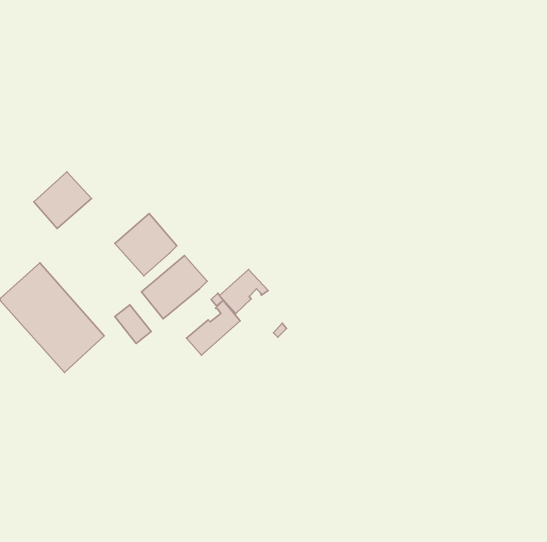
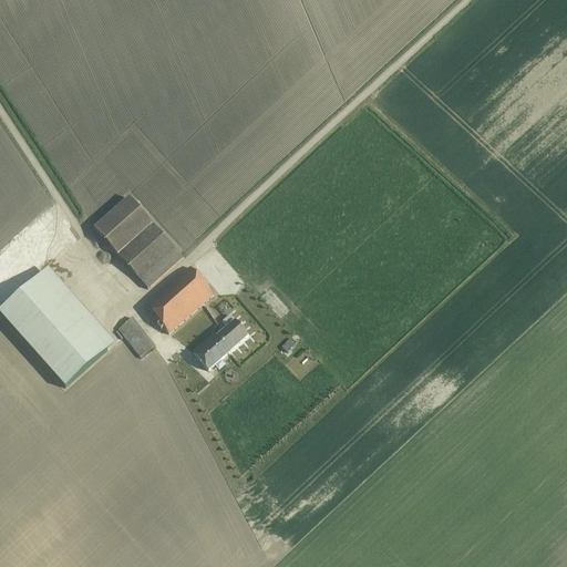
building: [34,172,92,229] -> [95,193,155,251]
building: [219,269,268,314] -> none

